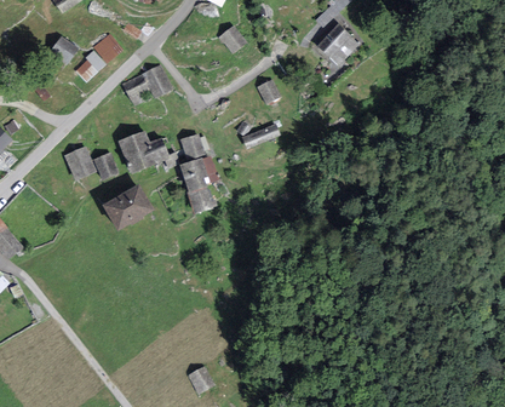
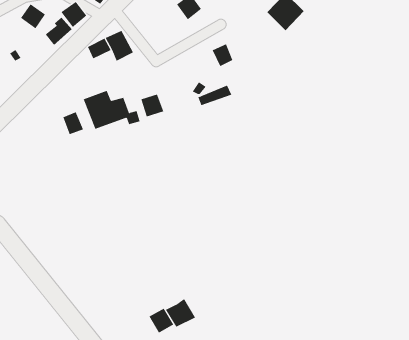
building: [67,145,97,178] -> none
building: [179,156,213,213] -> none
building: [103,184,153,229] -> none
building: none -> [165,298,196,328]

